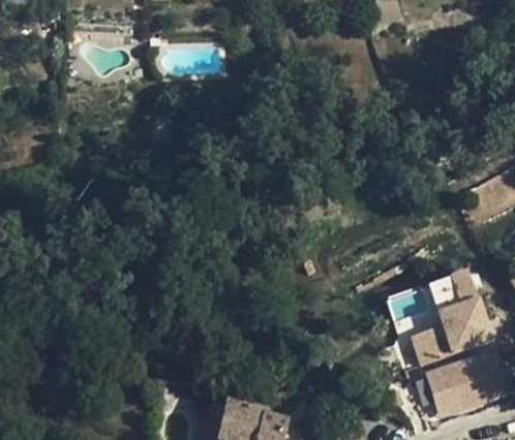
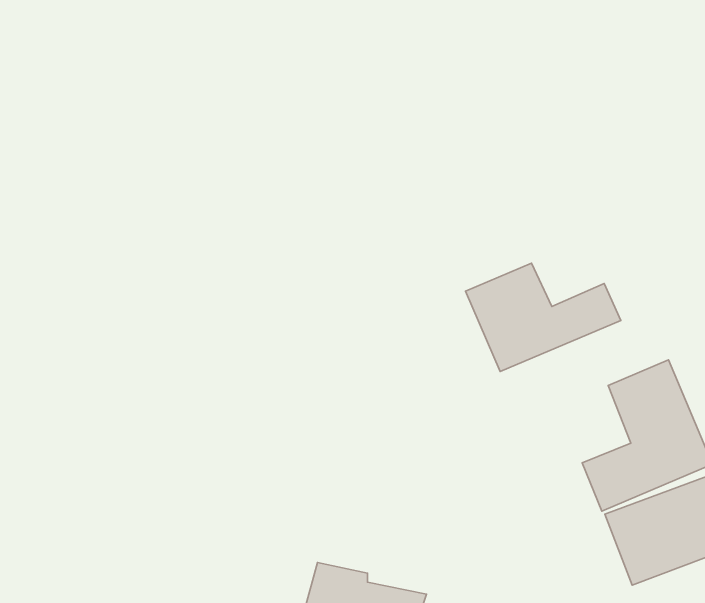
building: none -> [465,263,621,372]

